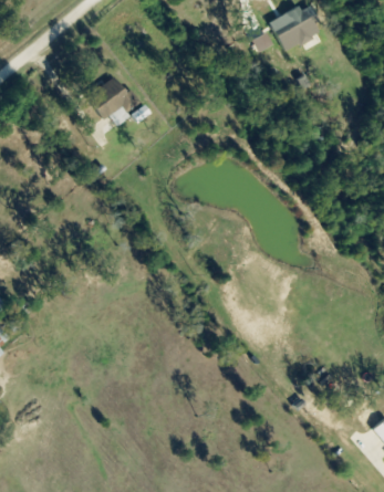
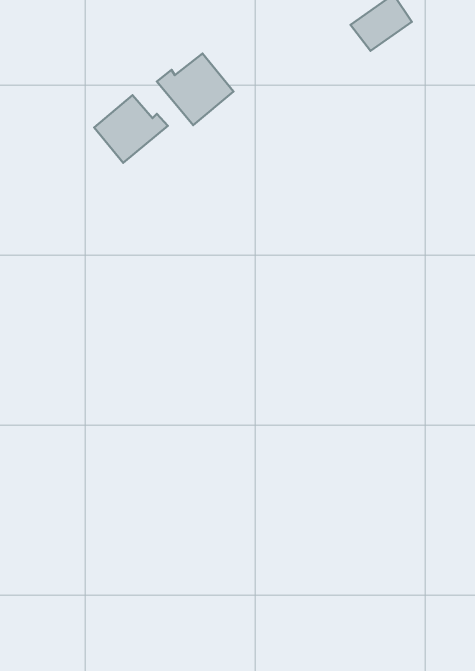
building: none -> [157,53,234,125]

